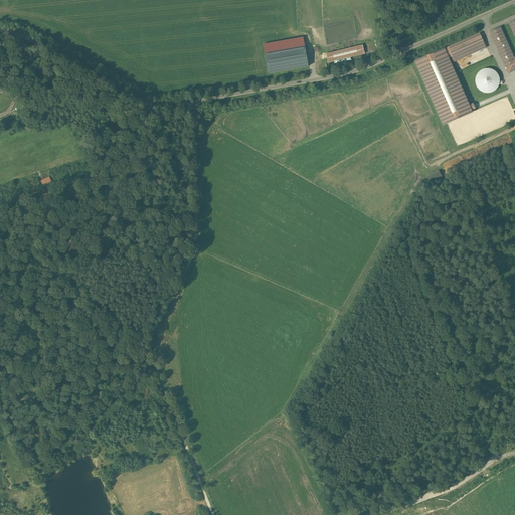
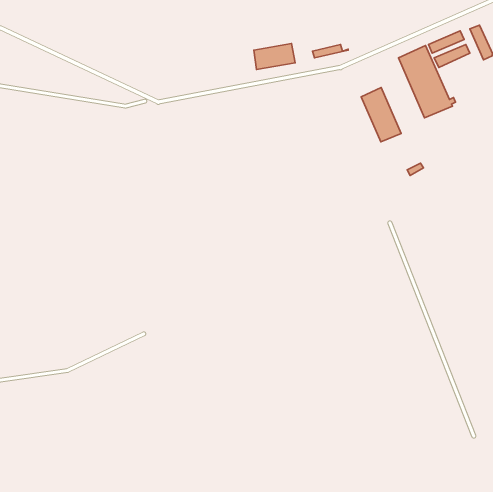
building: [476,68,502,91] -> none
building: none -> [361,87,401,142]

